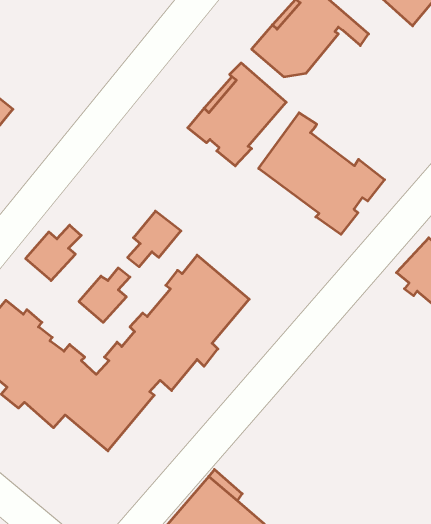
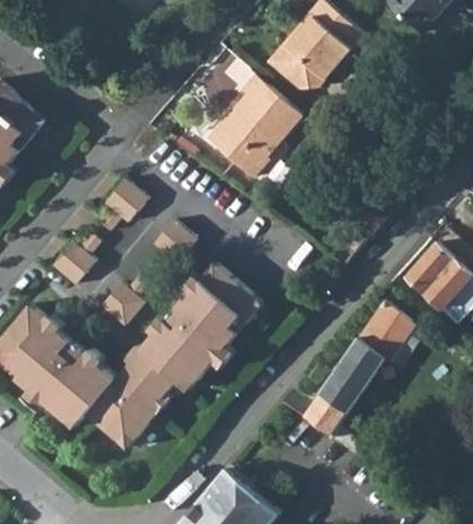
building: [259,113,385,234] -> none
building: none -> [97,177,148,231]
building: none -> [284,298,421,467]

